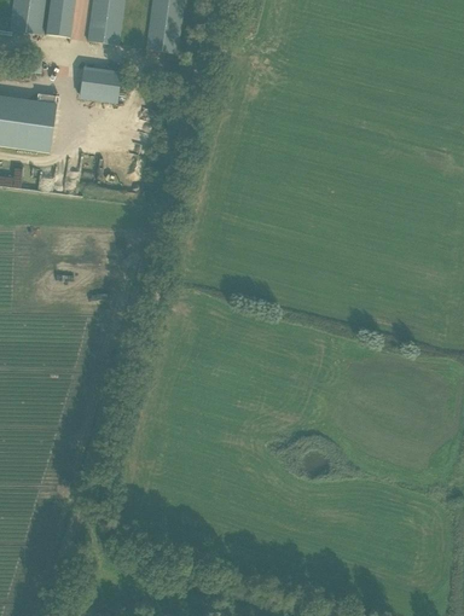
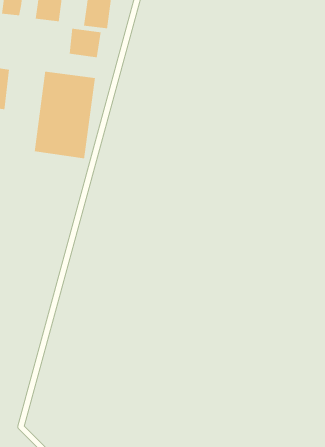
building: [80,66,120,103] -> [69,28,101,58]
building: none -> [34,71,95,159]

